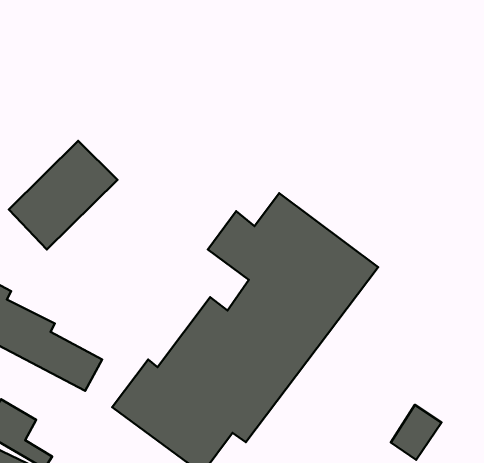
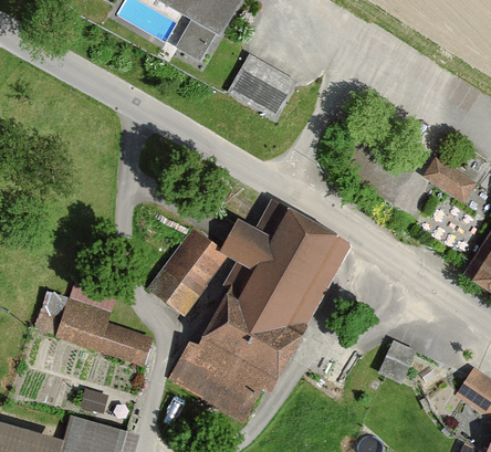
building: none -> [230,56,301,123]
building: [9,141,118,250] -> [147,228,224,313]

